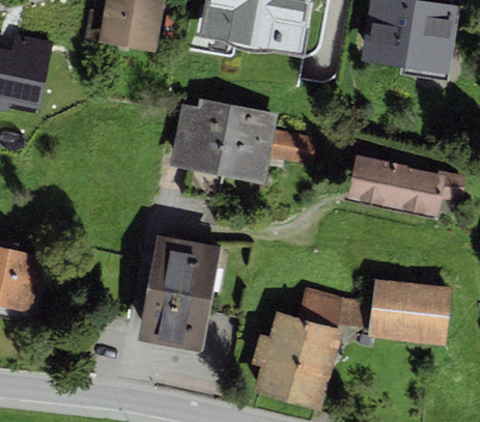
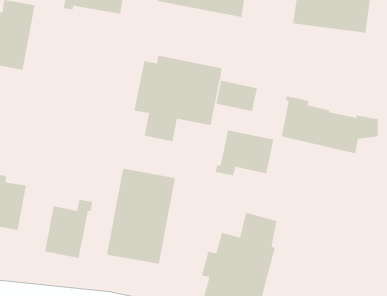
building: none -> [215,129,274,176]
building: none -> [44,199,93,259]
building: [338,279,450,345] -> none

